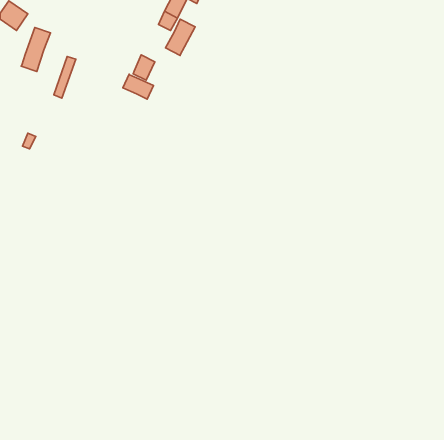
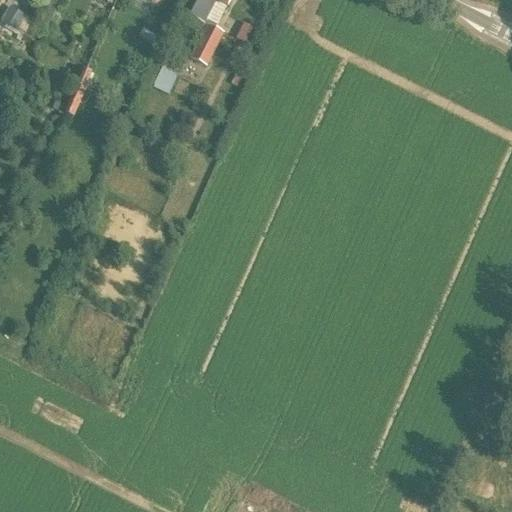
building: [21,28,51,71] -> none
building: [123,74,153,99] -> none

